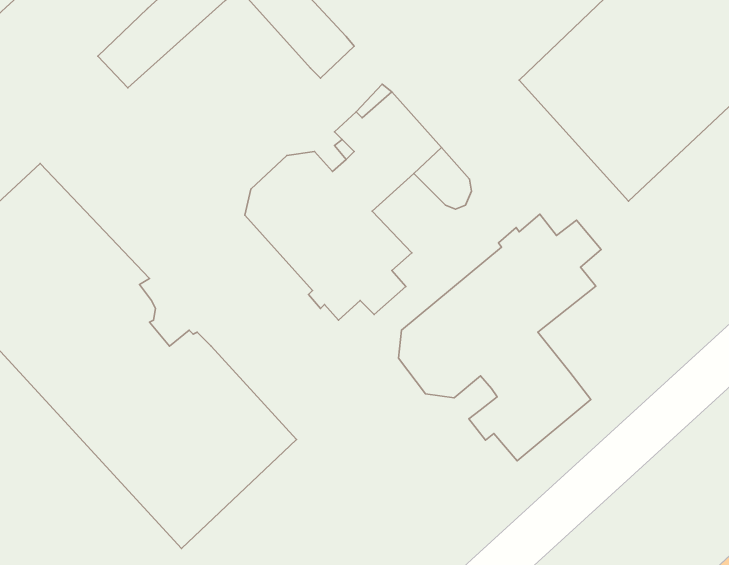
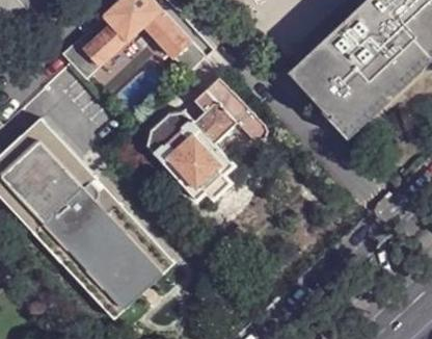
building: [399,214,601,461] -> none

